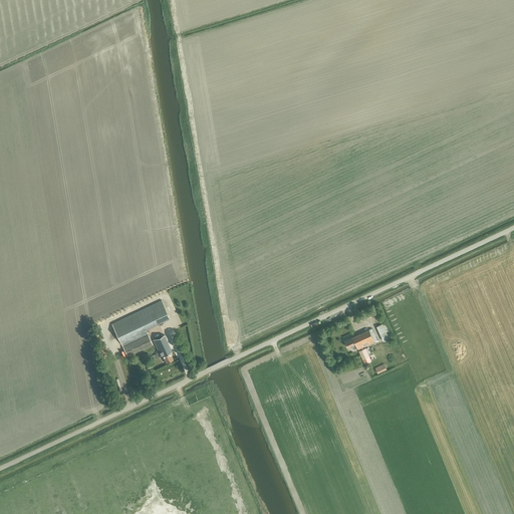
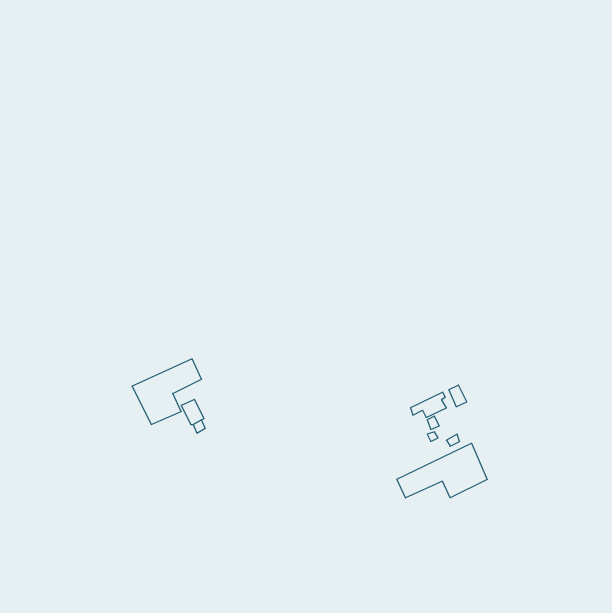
building: none -> [397,443,487,498]

